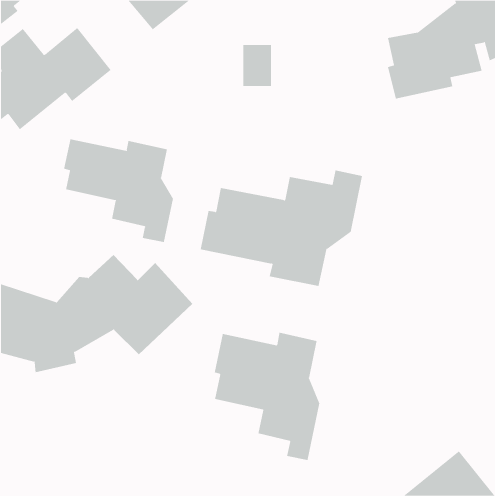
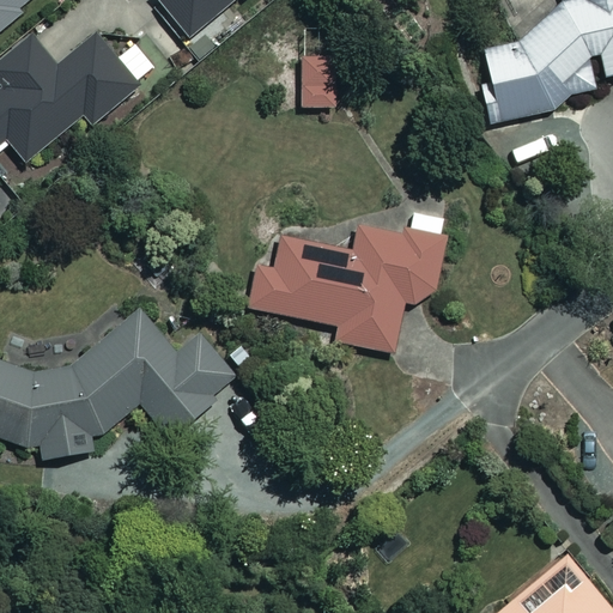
building: [64,138,173,243] -> none
building: [214,332,320,461] -> none

